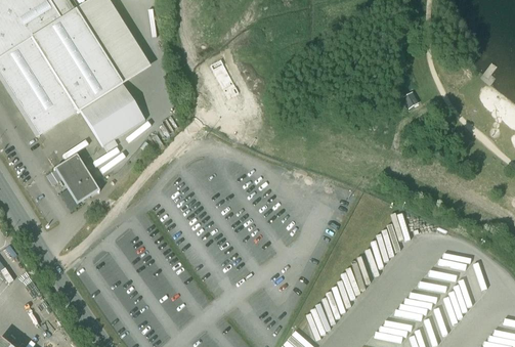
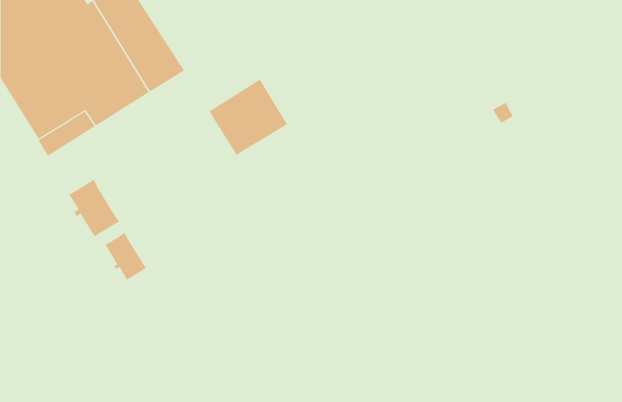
building: [80,83,144,145] -> [208,79,288,156]
building: none -> [105,230,147,282]

